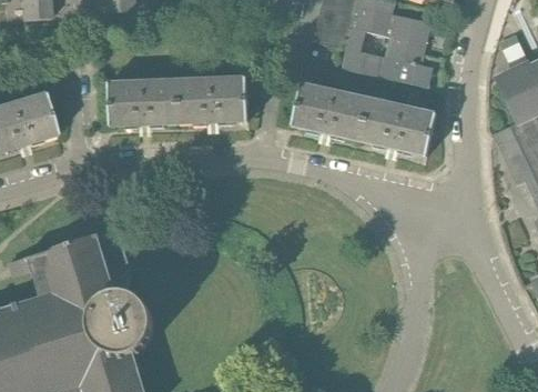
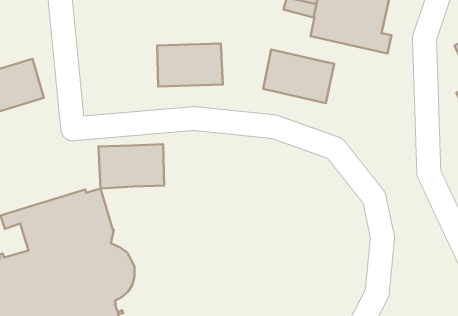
building: [108,78,179,125] -> [98,144,164,189]
building: [359,98,437,155] -> none

